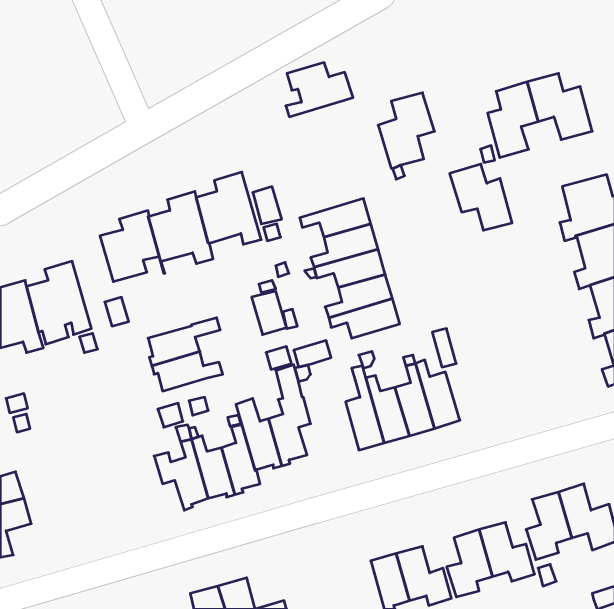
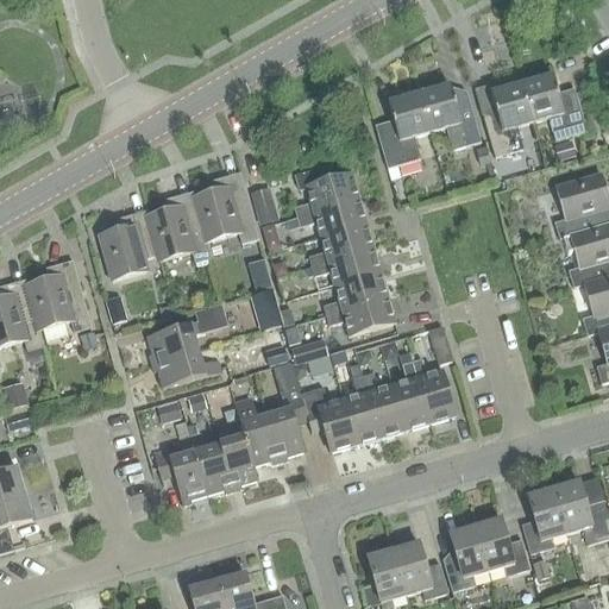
building: [286,63,353,117] -> [294,162,360,215]
building: [450,164,512,230] -> [419,82,481,147]
building: none -> [301,385,356,452]

